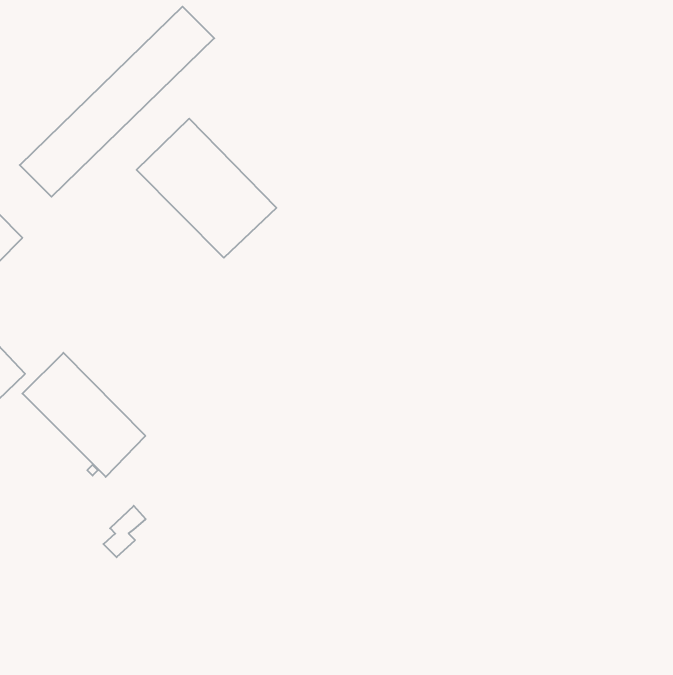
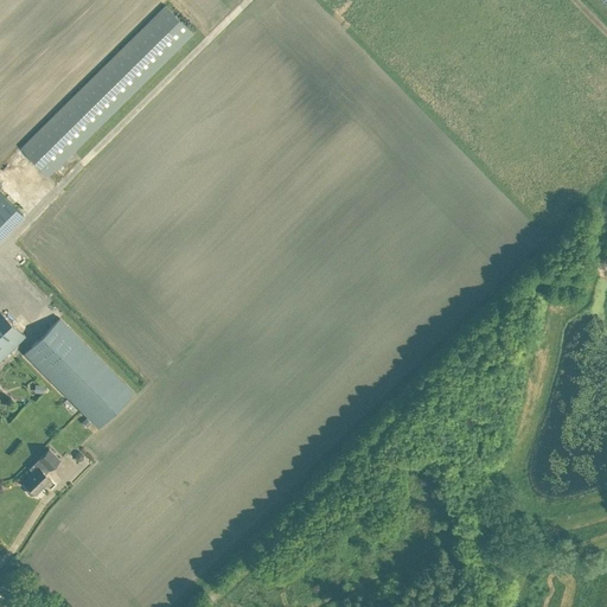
building: [137,119,276,258] -> none
building: [103,506,146,557] -> [19,448,57,494]

